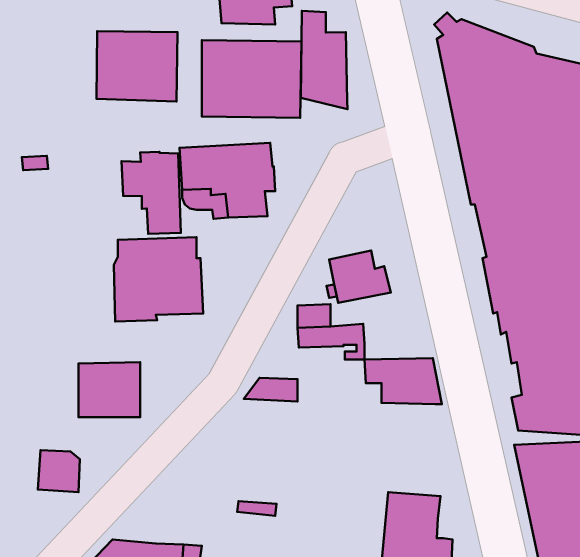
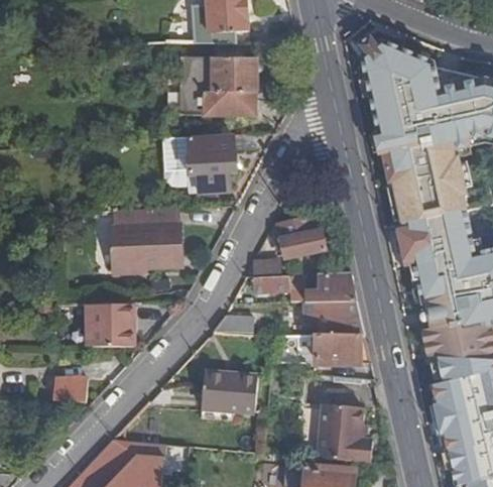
building: [301,11,347,109] -> none
building: [96,31,177,102] -> none
building: [121,152,181,234] -> none
building: none -> [306,272,359,301]
building: none -> [318,335,361,364]
building: none -> [203,372,259,412]

